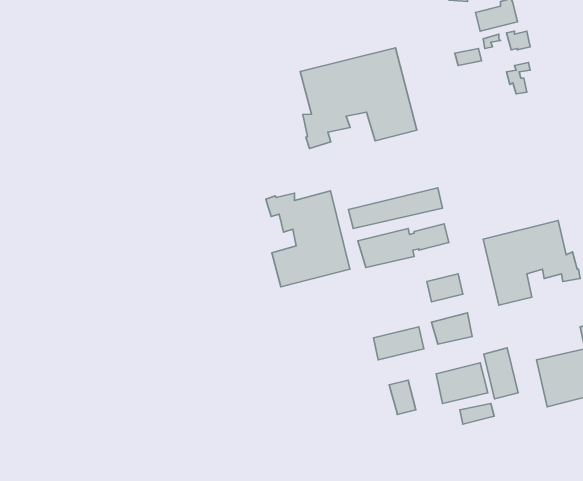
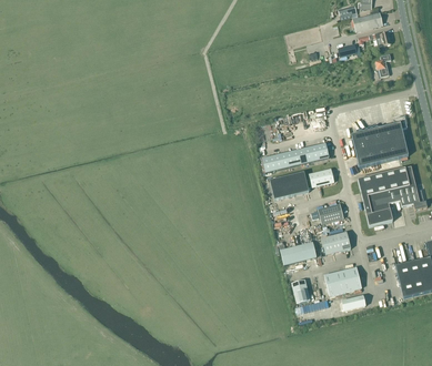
building: [300,48,417,149] -> none
building: none -> [351,116,408,167]
building: [266,191,350,287] -> none
building: [484,348,518,399] -> none

